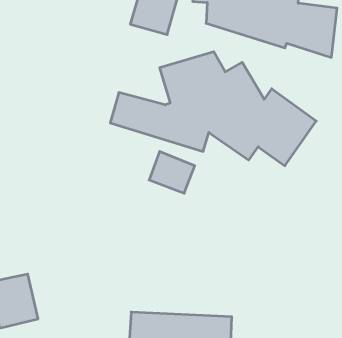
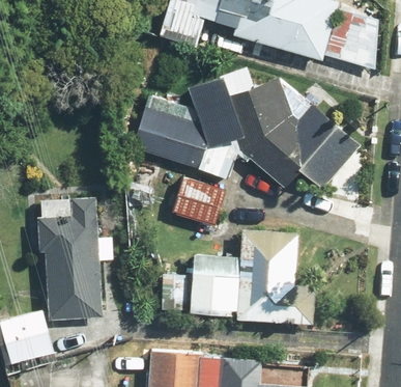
building: none -> [32,195,115,315]
building: none -> [157,229,314,325]

